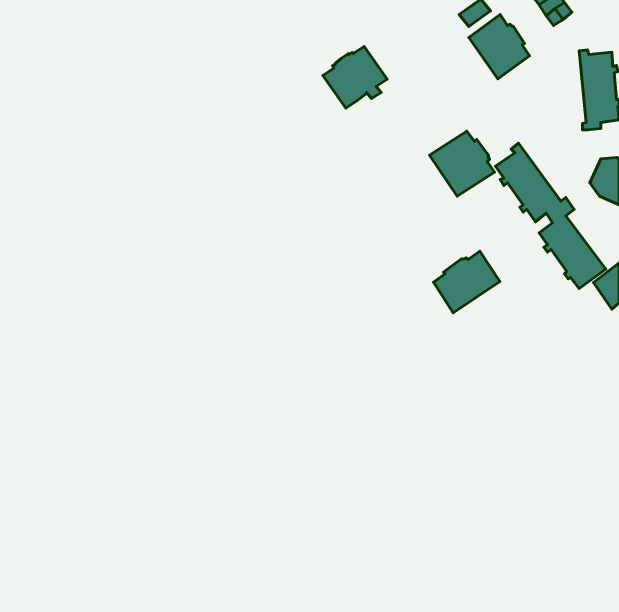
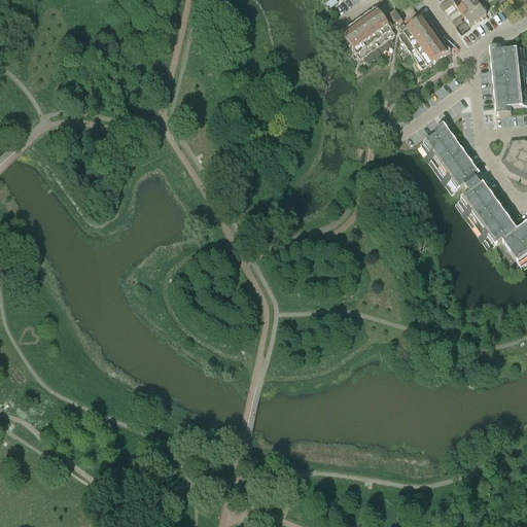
building: [323,46,387,108] -> [341,4,395,57]
building: [430,131,495,196] -> none
building: [433,251,500,313] -> none

